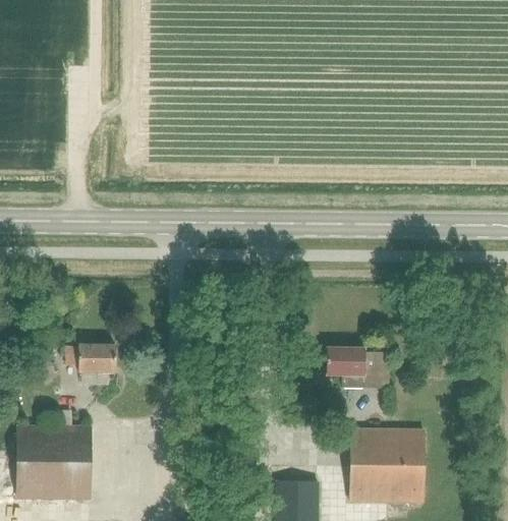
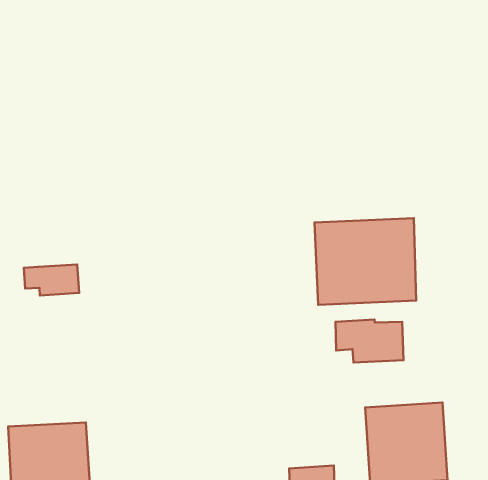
building: none -> [314,218,416,305]
building: [65,345,115,371] -> [24,264,79,295]

